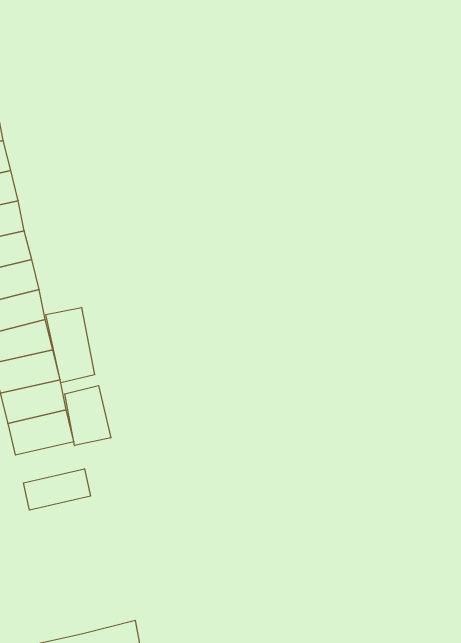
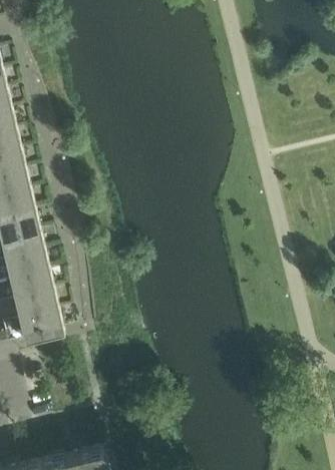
building: [46,307,94,383] -> none
building: [65,386,111,446] -> none
building: [24,469,90,510] -> none

